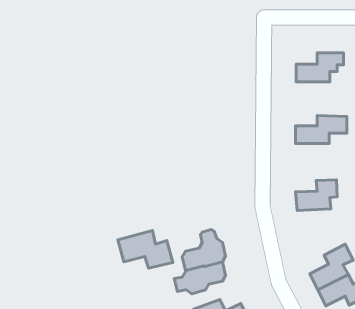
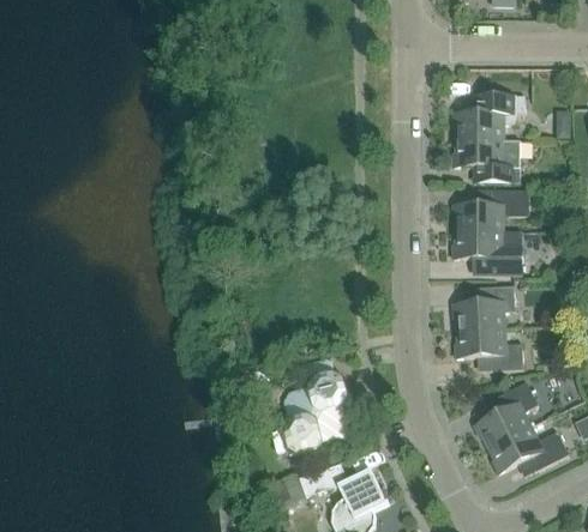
building: none -> [454,139,520,182]
building: none -> [452,231,522,274]
building: none -> [455,328,524,370]
building: [118,230,173,268] -> none

